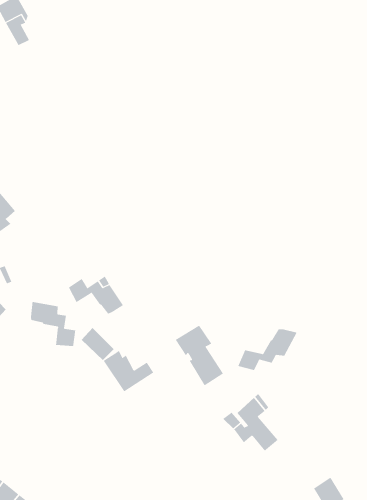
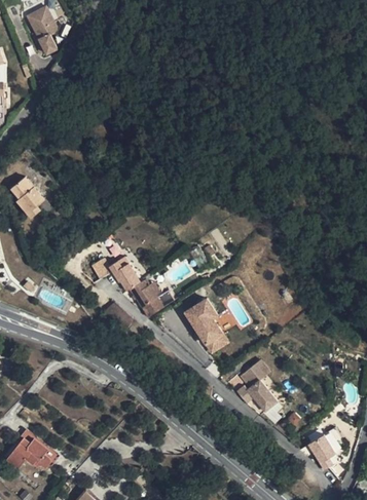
building: [30,301,76,347] -> none
building: [237,329,298,371] -> none
building: [103,350,154,392] -> [130,279,175,316]

